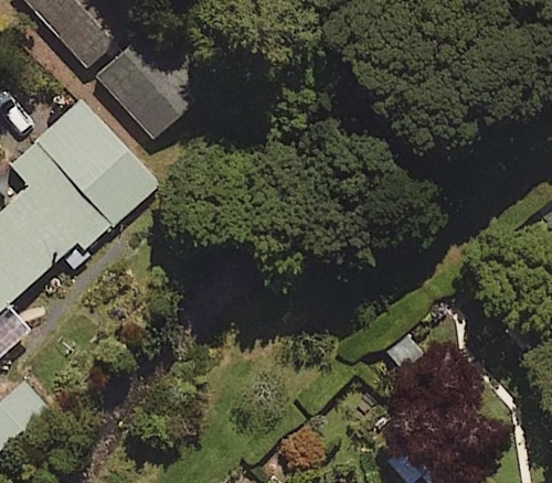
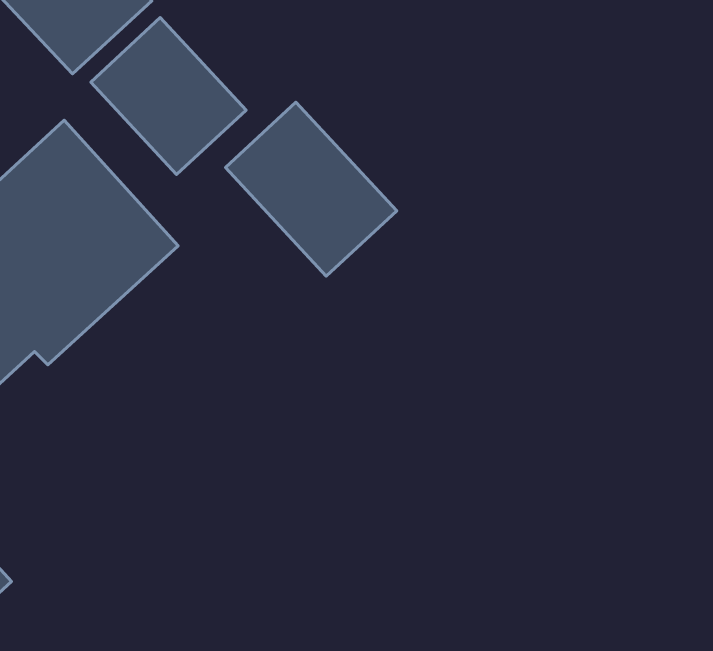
building: none -> [225,102,397,276]

